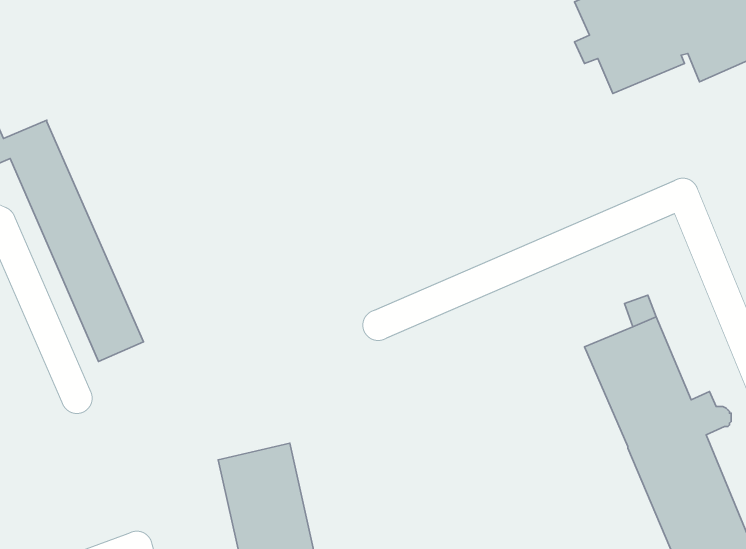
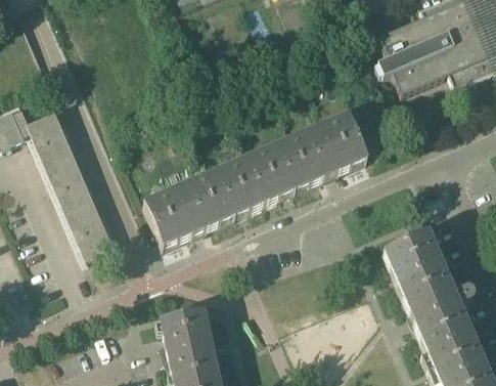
building: none -> [143,113,368,246]

